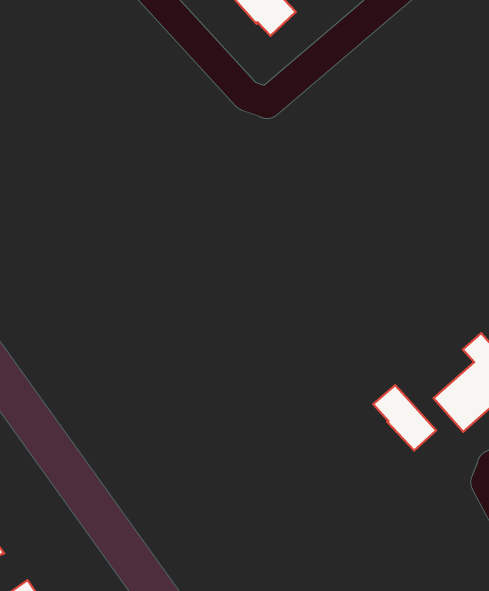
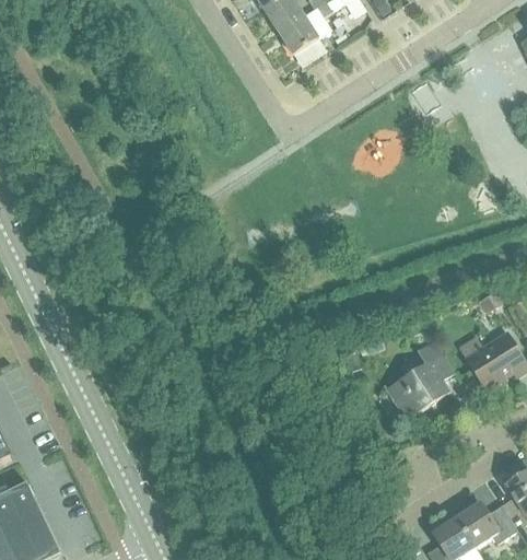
building: [373,385,436,451] -> none

